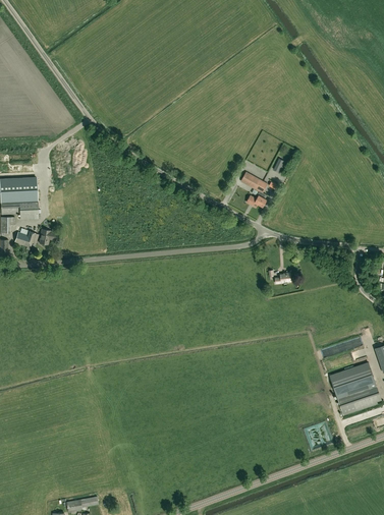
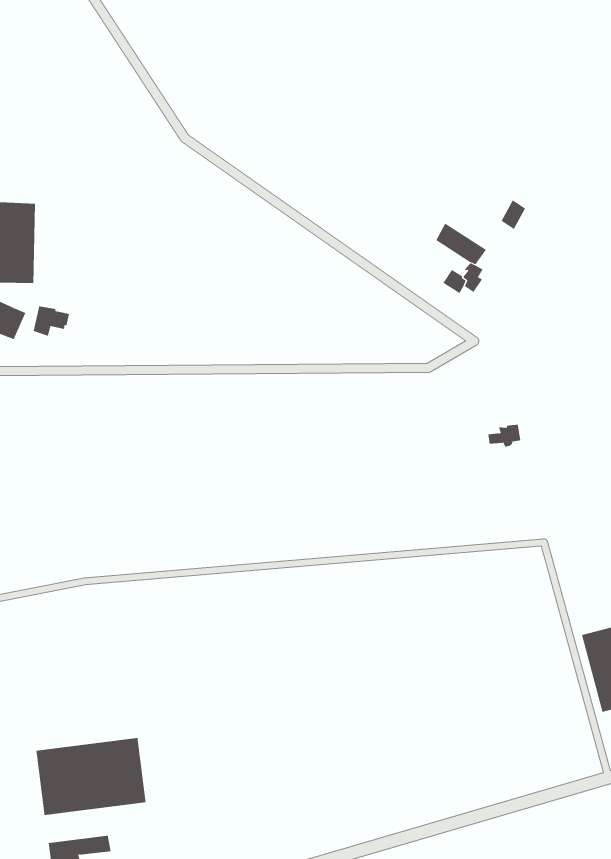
building: none -> [36,737,146,816]

